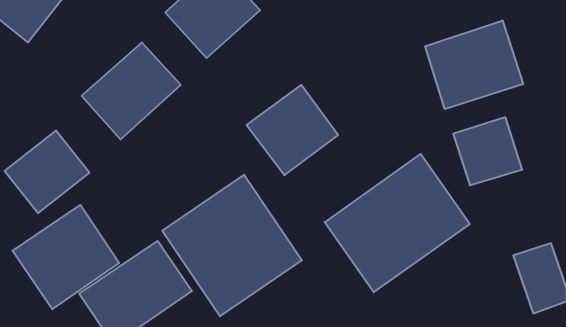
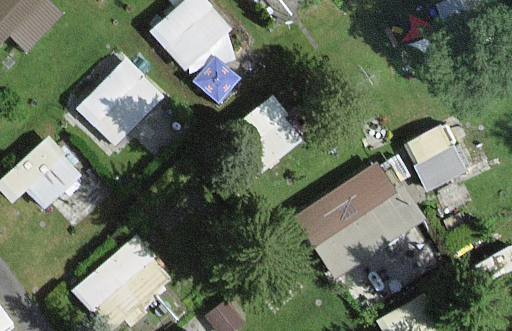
building: [425,20,523,109] -> none
building: [162,175,302,316] -> none
building: [12,205,119,309] -> none

